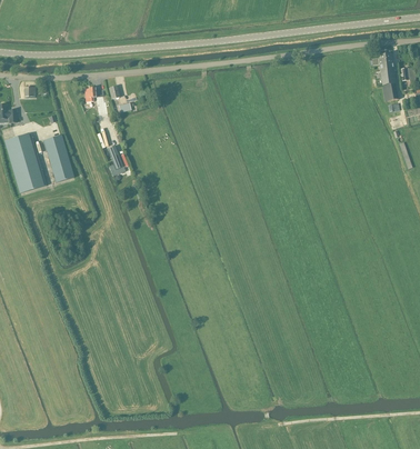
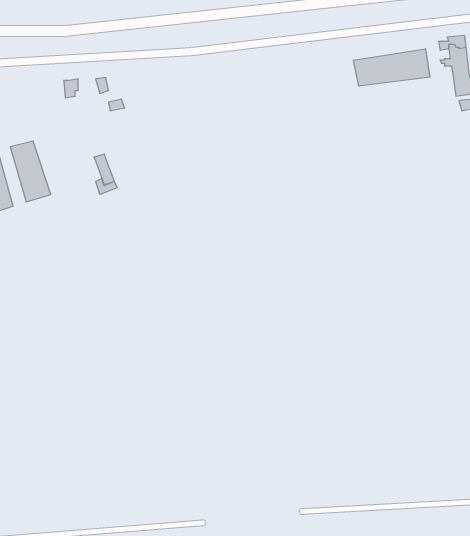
building: none -> [353,49,430,86]

